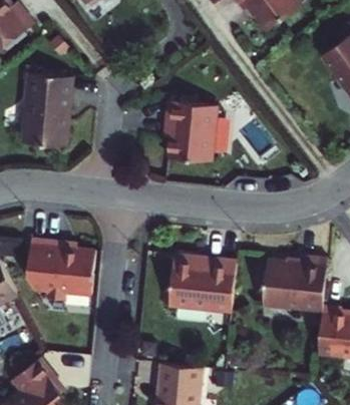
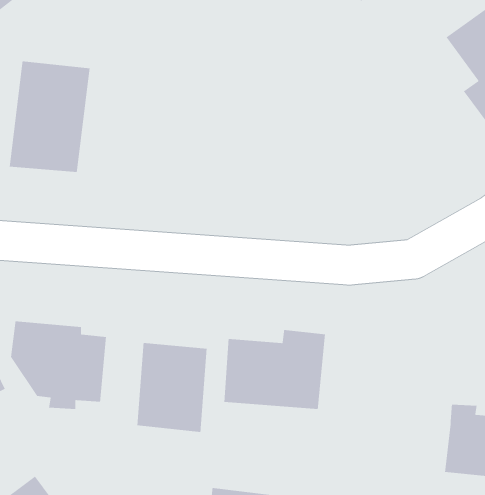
building: [163,101,216,163] -> none
building: none -> [137,342,208,433]
building: [269,266,328,319] -> none

